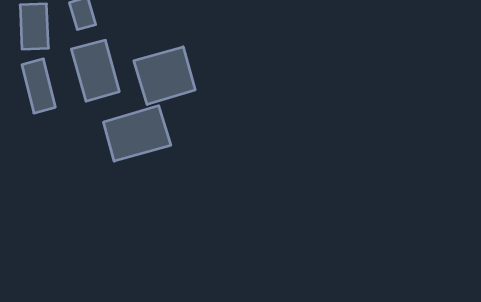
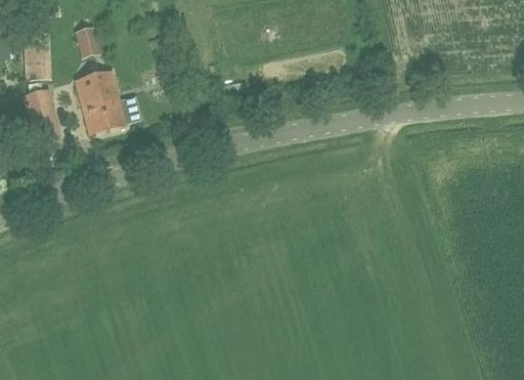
building: [134,47,195,105] -> none
building: [104,106,171,161] -> none

